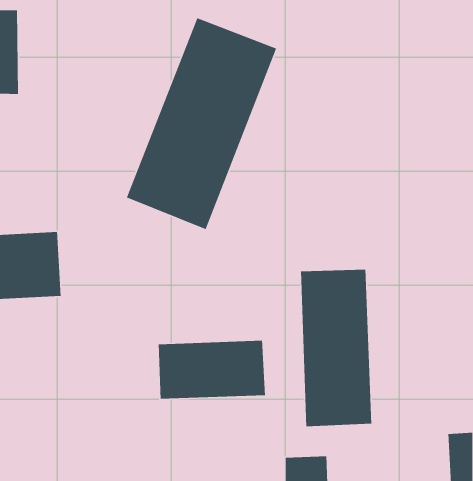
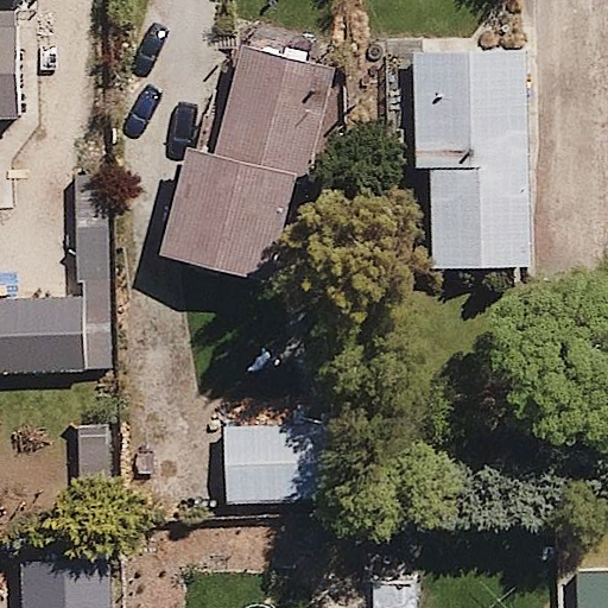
building: none -> [412,42,531,272]
building: [300,269,372,427] -> none

